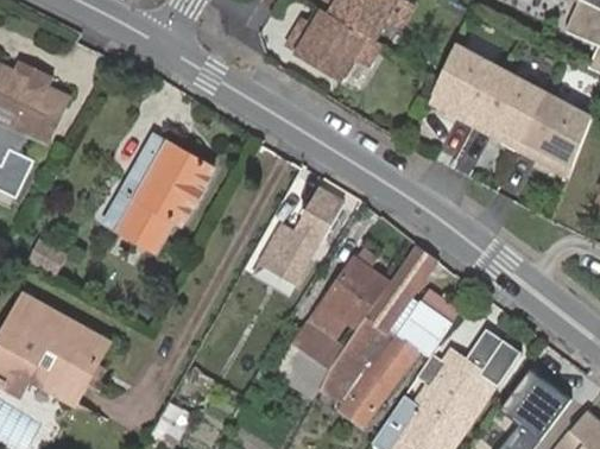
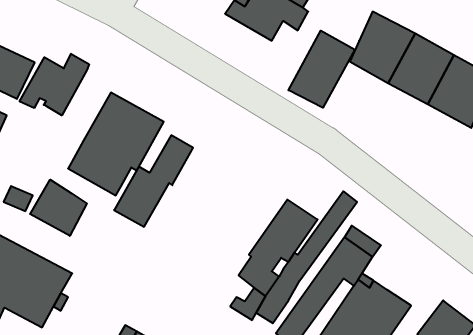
building: none -> [288,31,355,108]
building: none -> [20,54,89,115]
building: [254,189,345,293] -> [114,135,193,227]
building: none -> [30,180,87,236]
building: [469,336,524,382] -> none

